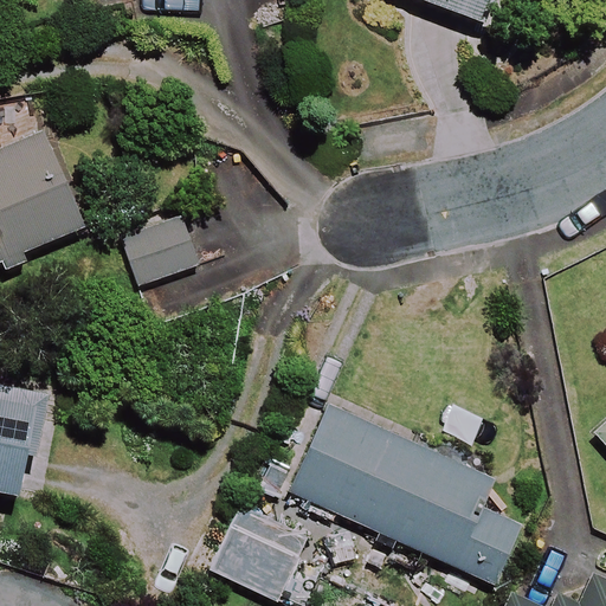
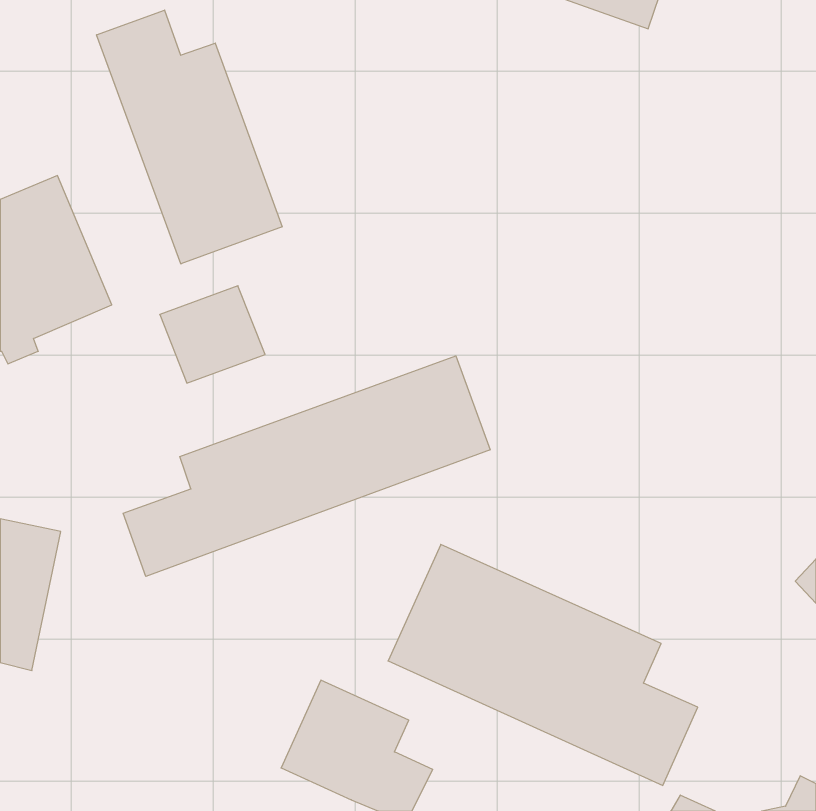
building: none -> [97,10,282,264]
building: none -> [123,356,490,576]

